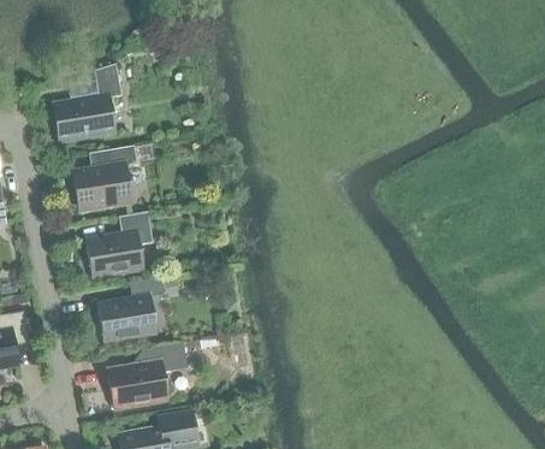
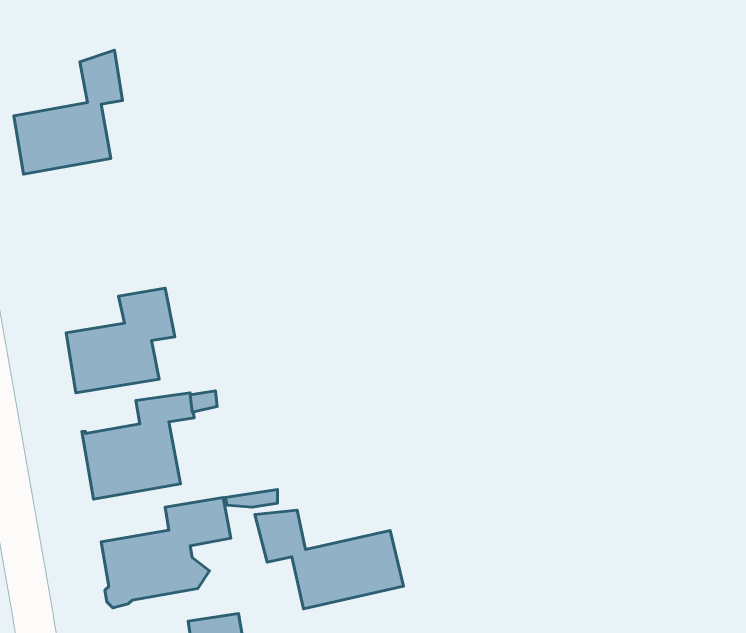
building: [73,144,136,209] -> none
building: none -> [255,510,403,609]

